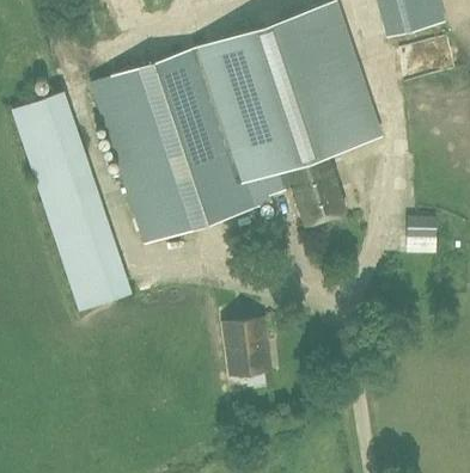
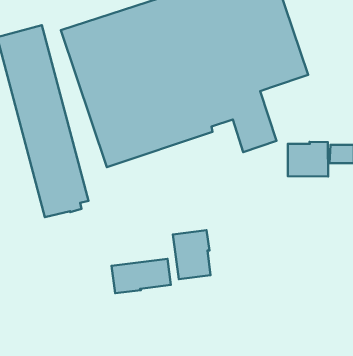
building: none -> [288,142,328,176]
building: none -> [111,259,171,293]

